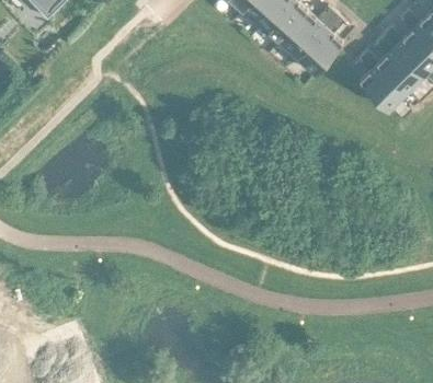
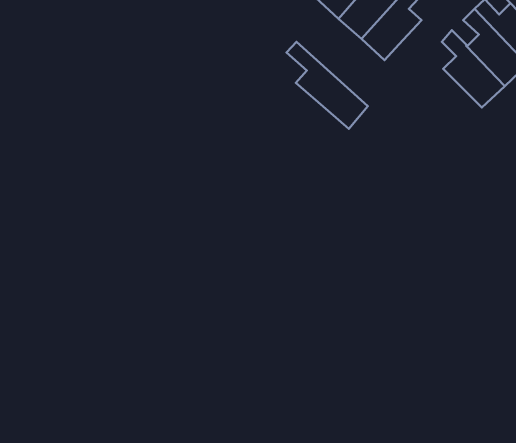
building: none -> [287,42,368,129]

